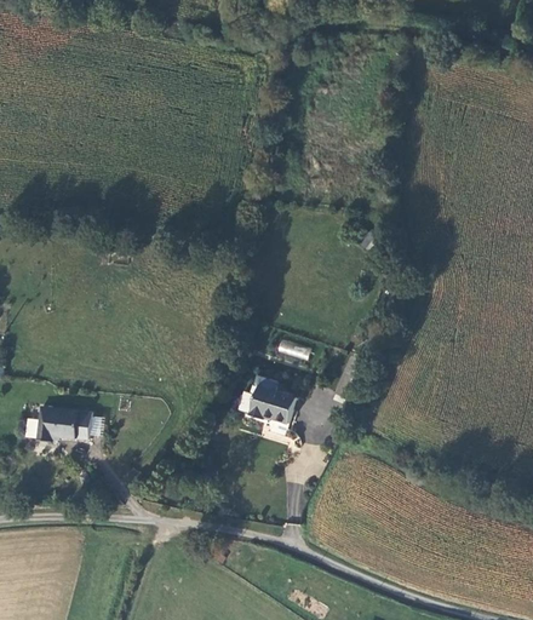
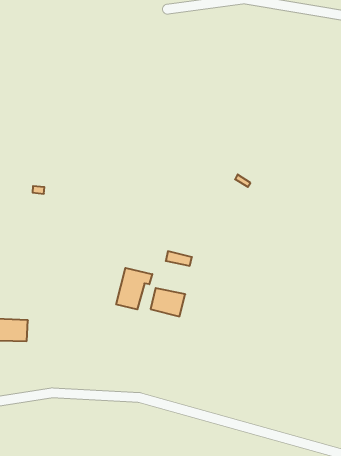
building: none -> [116,268,152,309]

